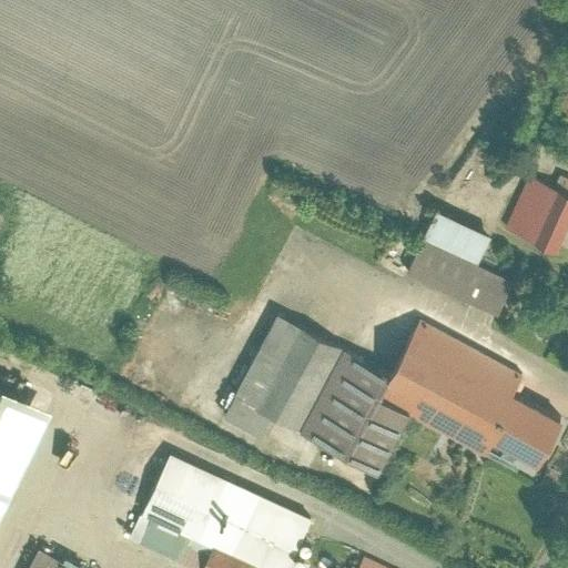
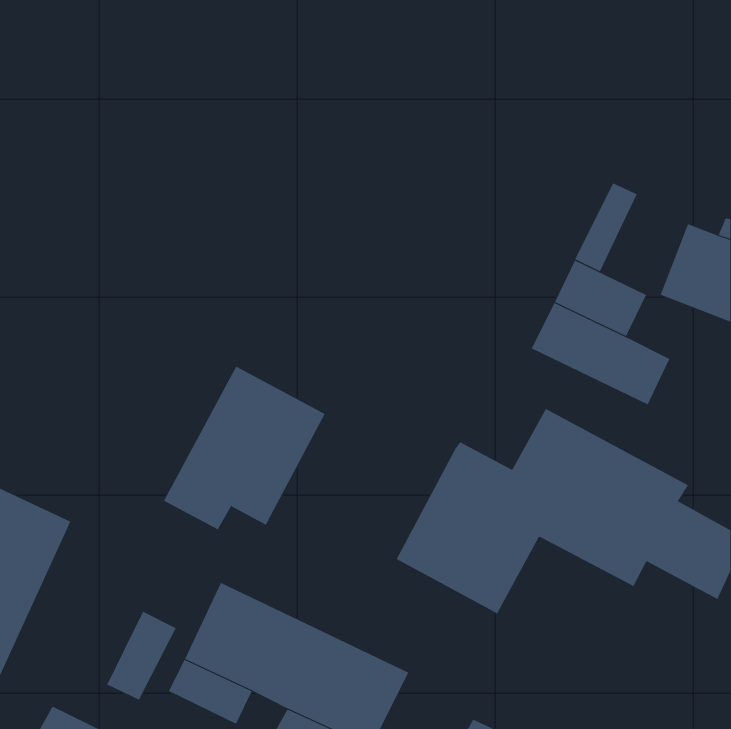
building: none -> [575,182,638,272]
building: [224,315,348,440] -> [163,366,326,530]
building: none -> [107,611,176,701]

